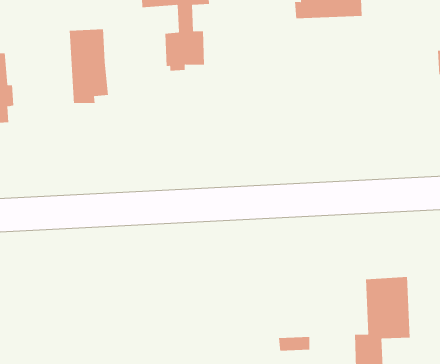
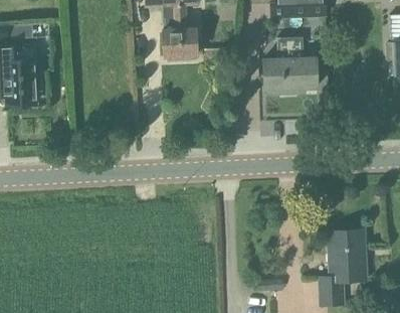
building: [69,28,108,104] -> none
building: none -> [263,37,317,95]

